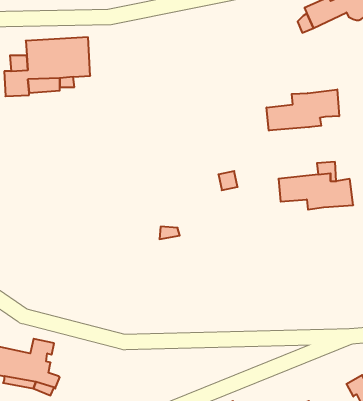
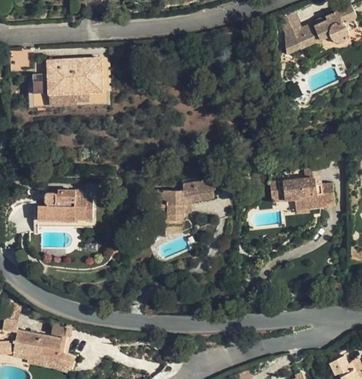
building: [267,89,339,131] -> none
building: none -> [152,178,215,220]
building: none -> [36,189,93,227]

